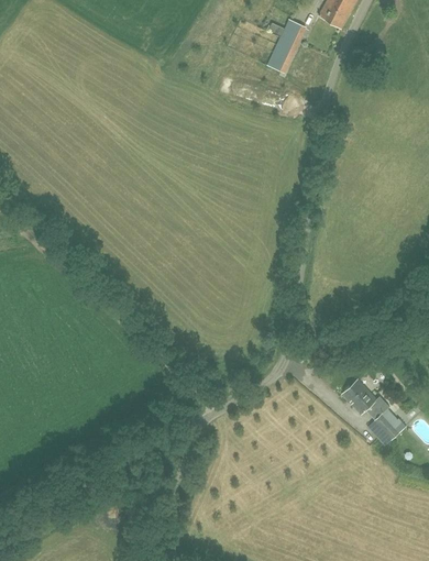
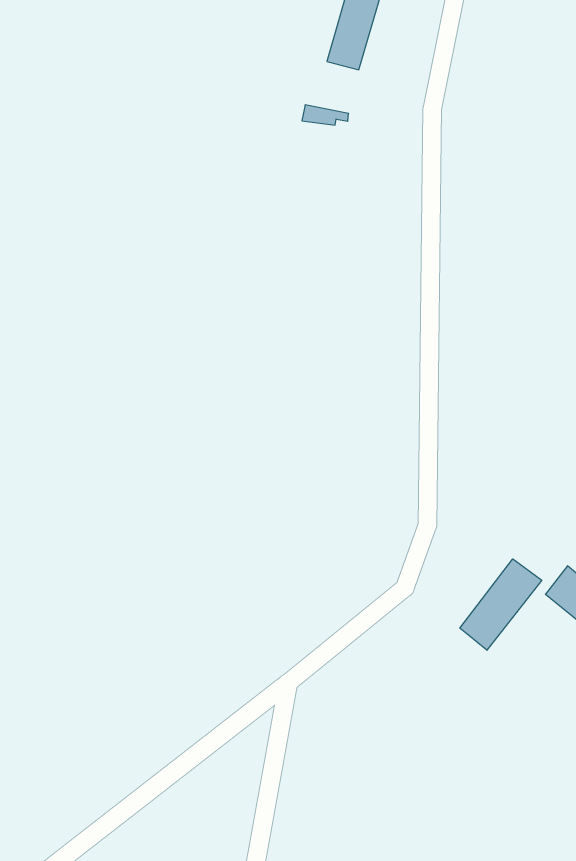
building: none -> [460,559,542,650]

